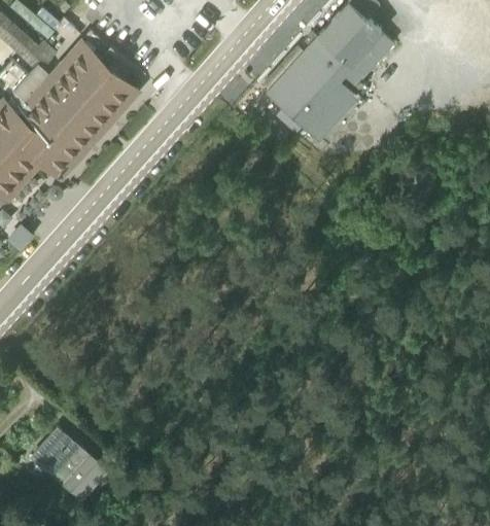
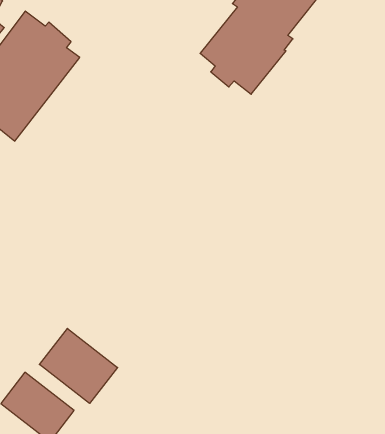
building: none -> [39,328,118,403]

